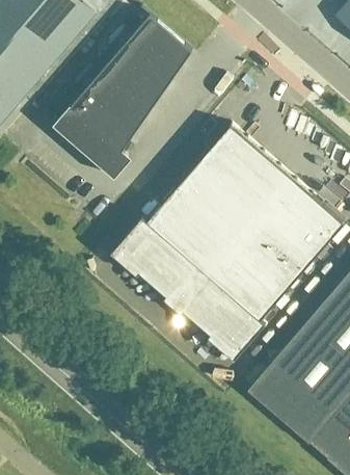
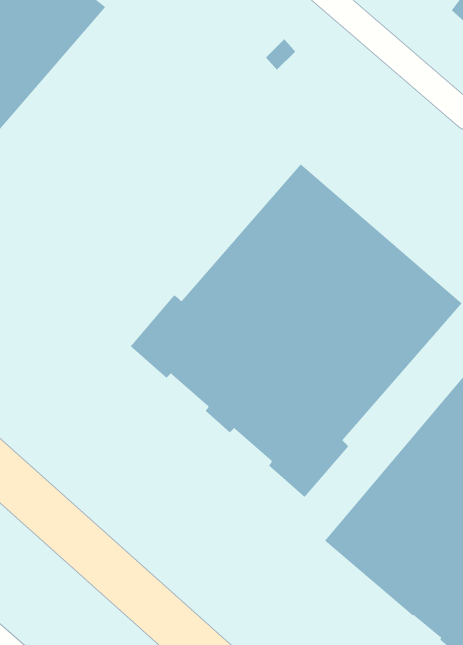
building: [53,15,191,179] -> none

